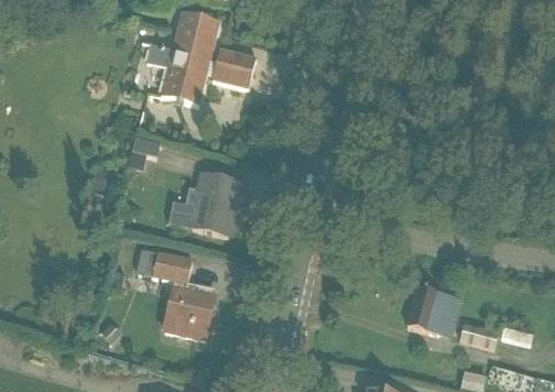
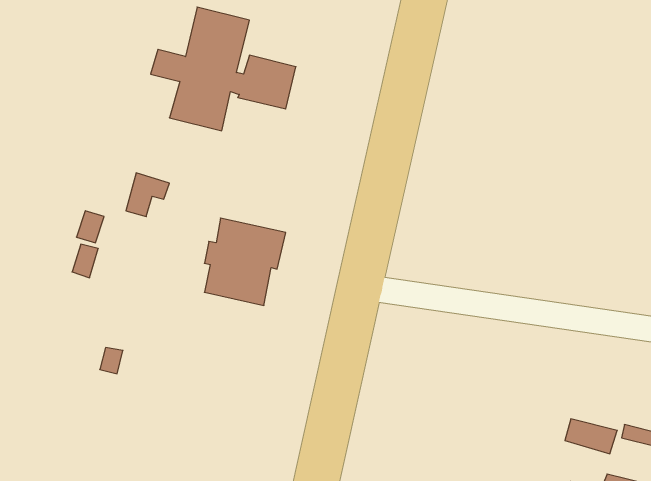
building: [135,248,215,340] -> none
building: [406,286,460,336] -> none

